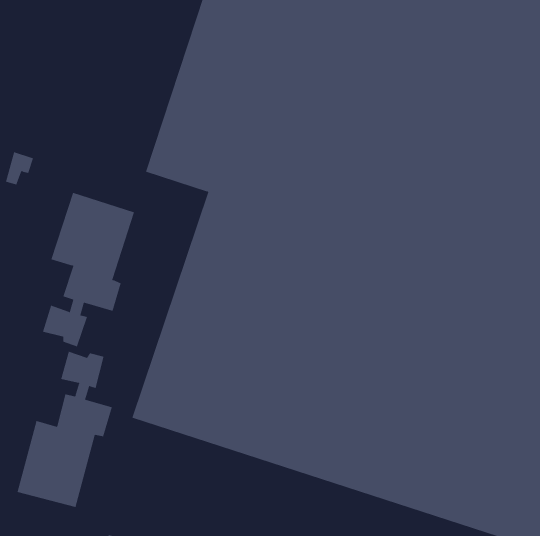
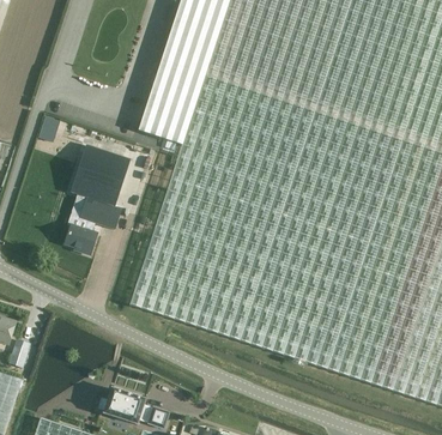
building: [17,351,113,508] -> none

